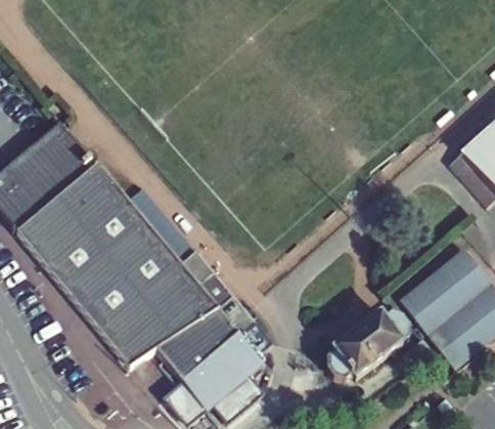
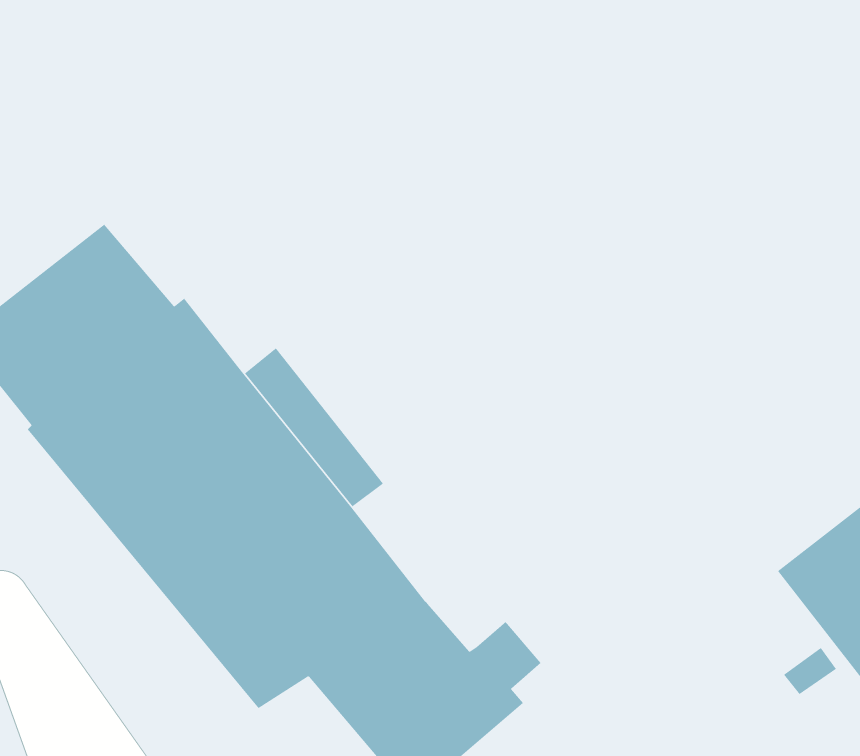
building: [182,257,236,317] -> none
building: [327,311,411,384] -> none

